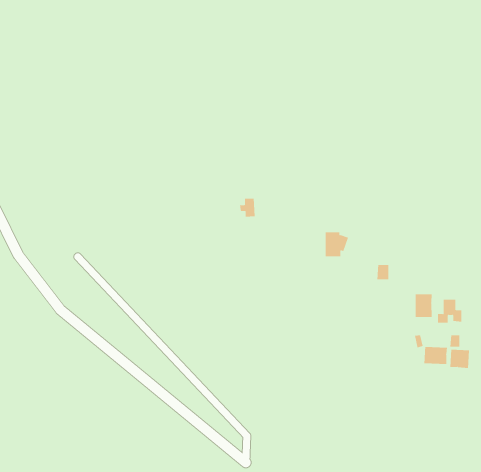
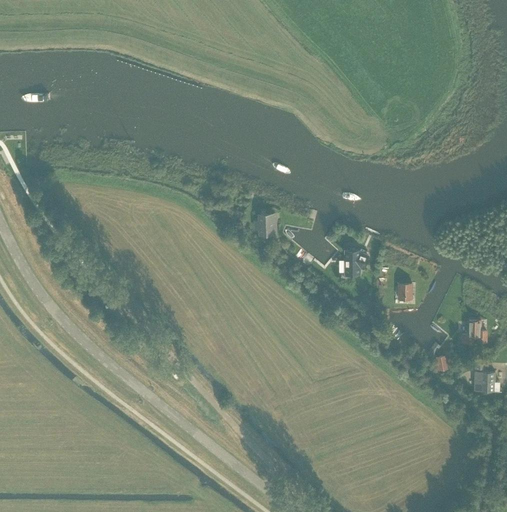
building: [415,293,432,318] -> none
building: [424,346,448,365] -> none

